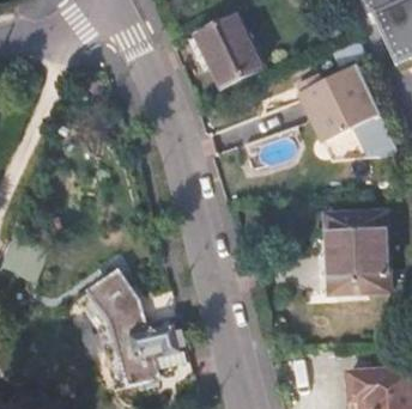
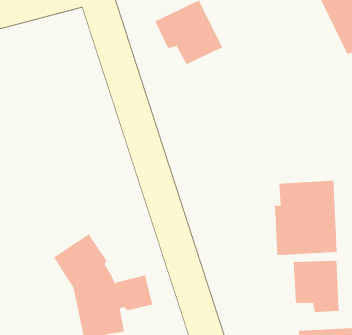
building: [298,63,399,154] -> none
building: none -> [293,260,339,313]

